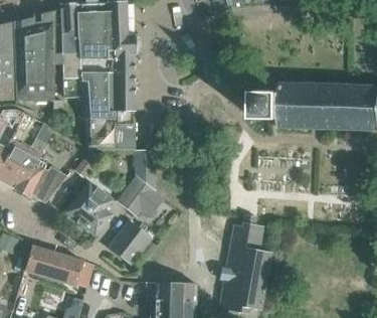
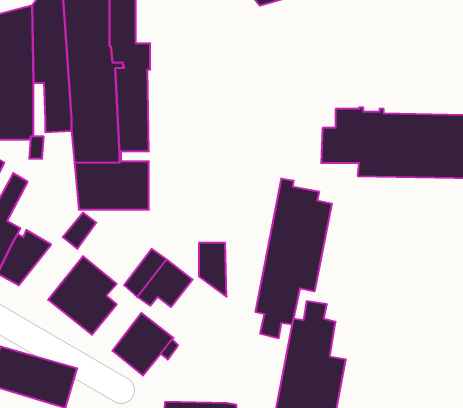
building: none -> [256,178,332,338]
building: [135,151,154,188] -> [199,243,227,297]

